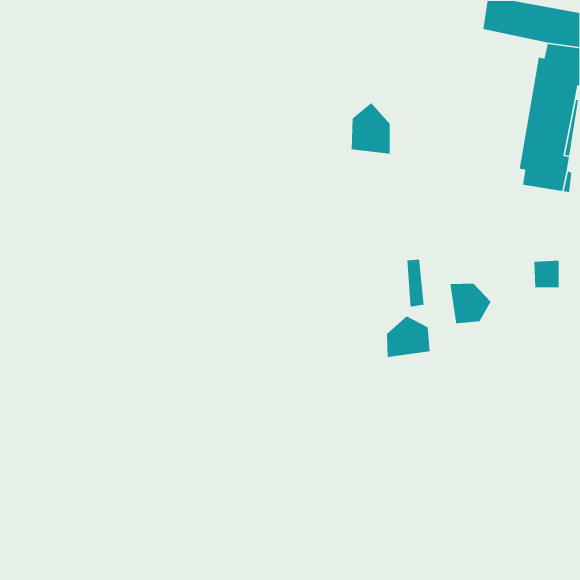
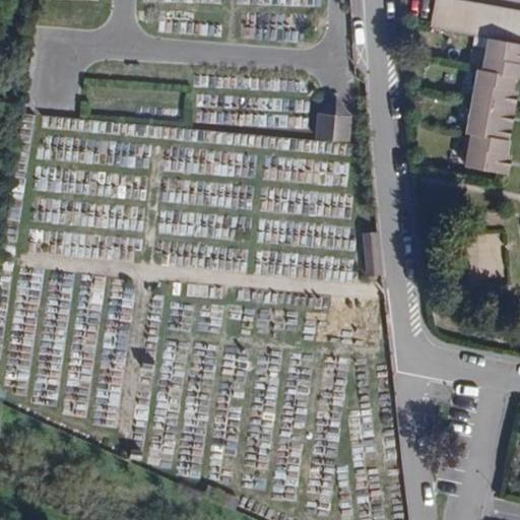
building: [450,283,492,324] -> none
building: [386,316,430,358] -> none

